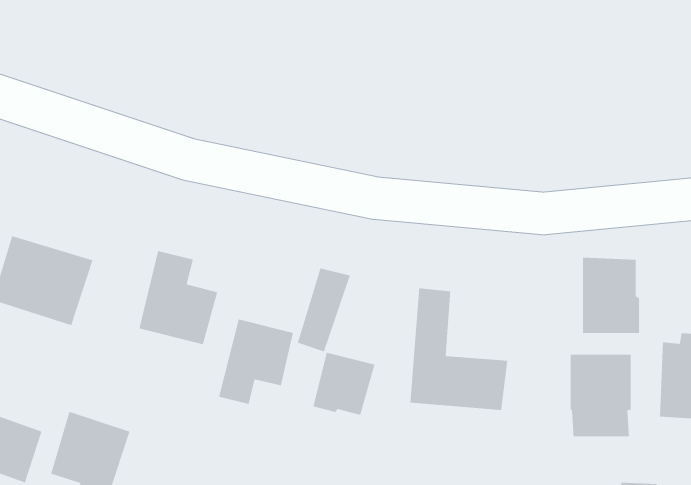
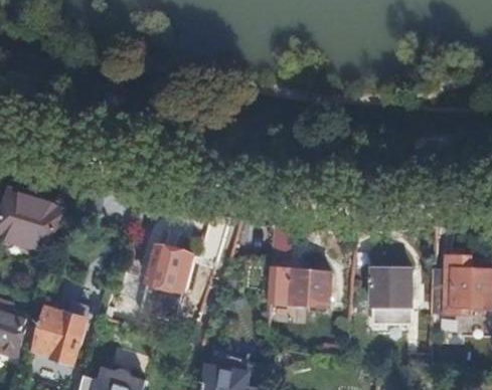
building: [138,250,218,345] -> none
building: [582,257,640,334] -> none
building: [313,352,375,416] -> none

